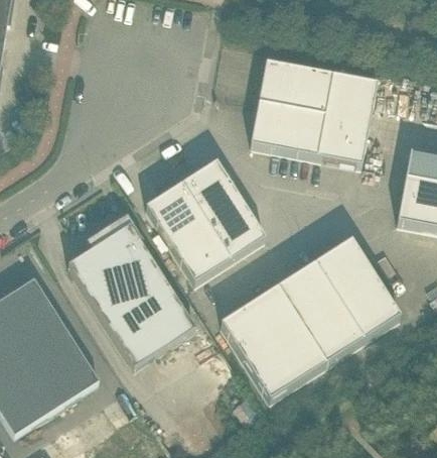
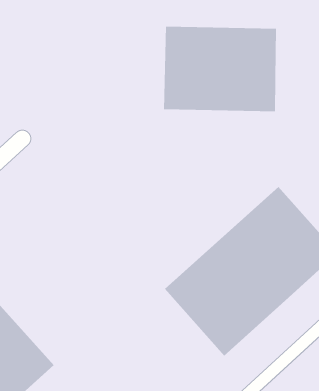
building: [146,158,265,279] -> none
building: [67,216,194,365] -> none

